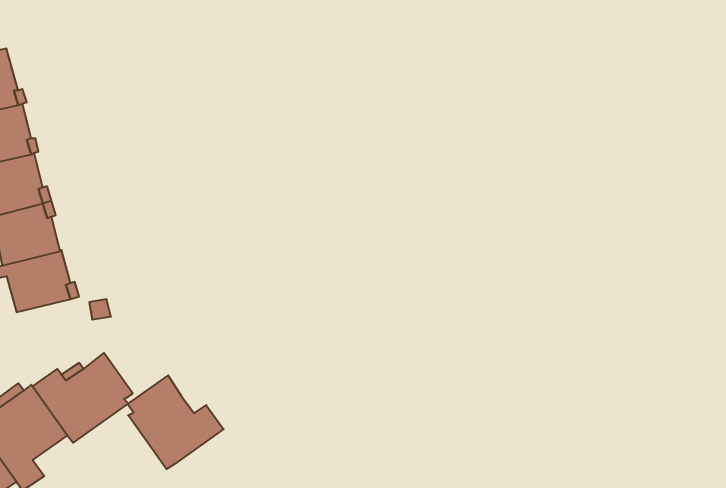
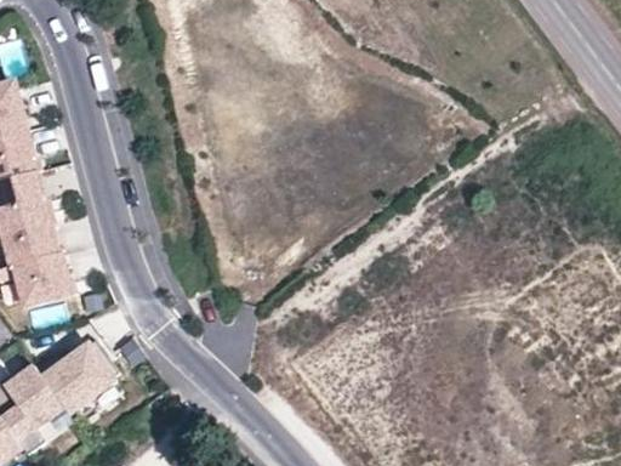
building: [127,375,224,469] -> none

